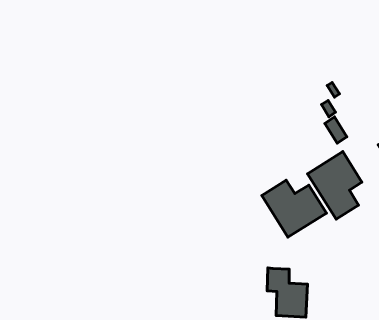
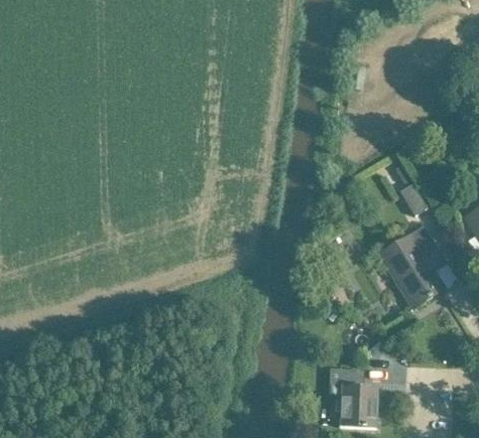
building: [262,180,326,237] -> none

